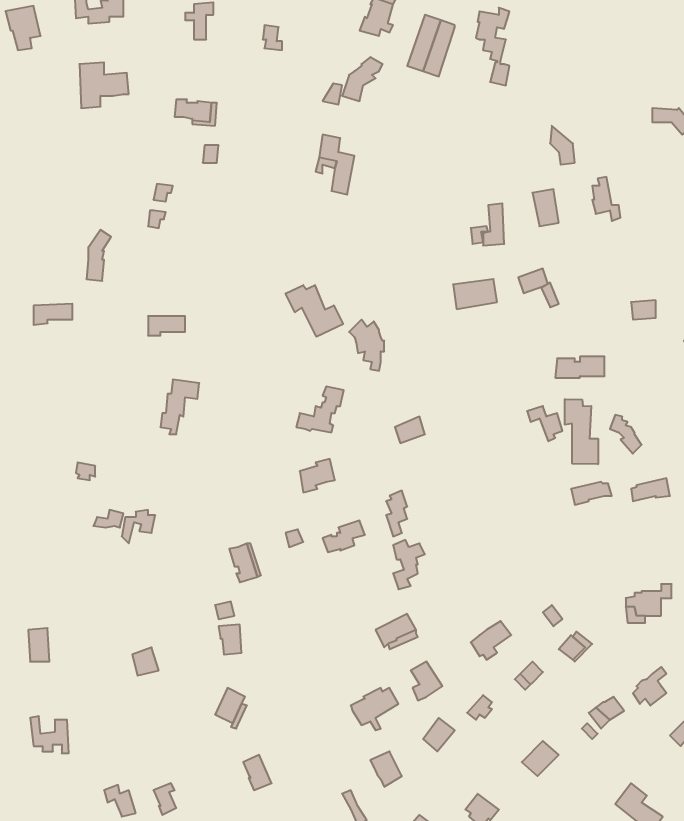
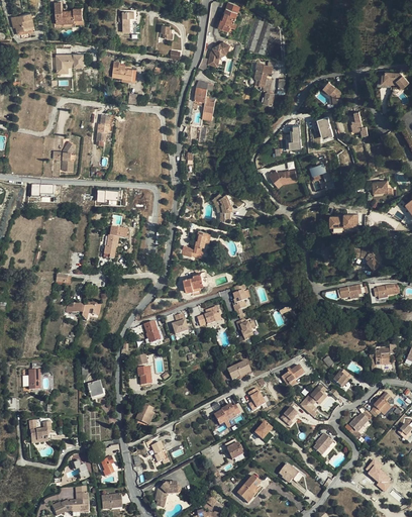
building: [476,8,509,85] -> [254,60,274,104]
building: [286,285,343,337] -> none
building: [565,399,598,464] -> none

